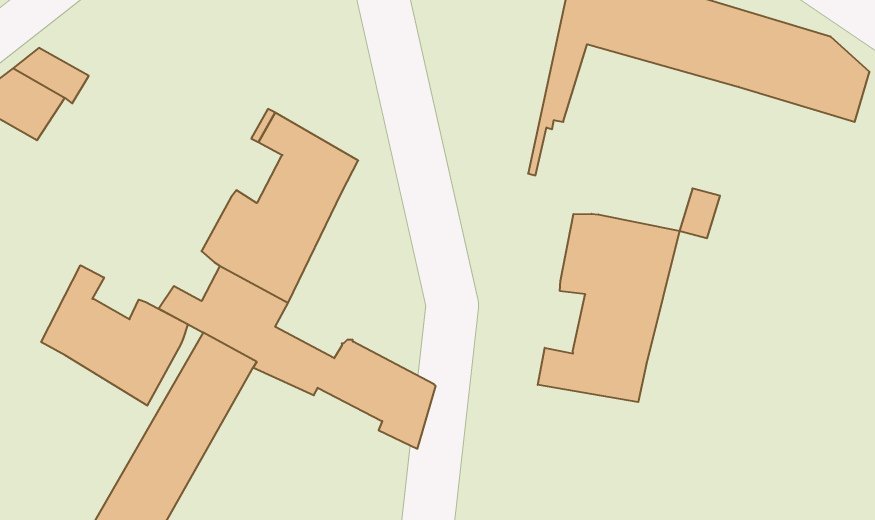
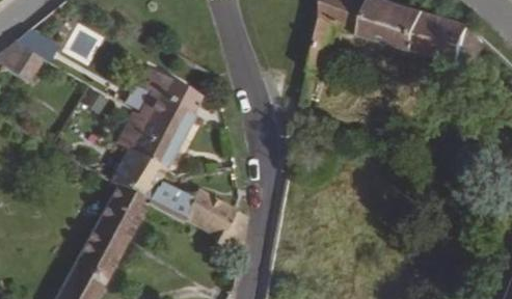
building: [538,214,679,402] -> none
building: [41,265,188,406] -> none

